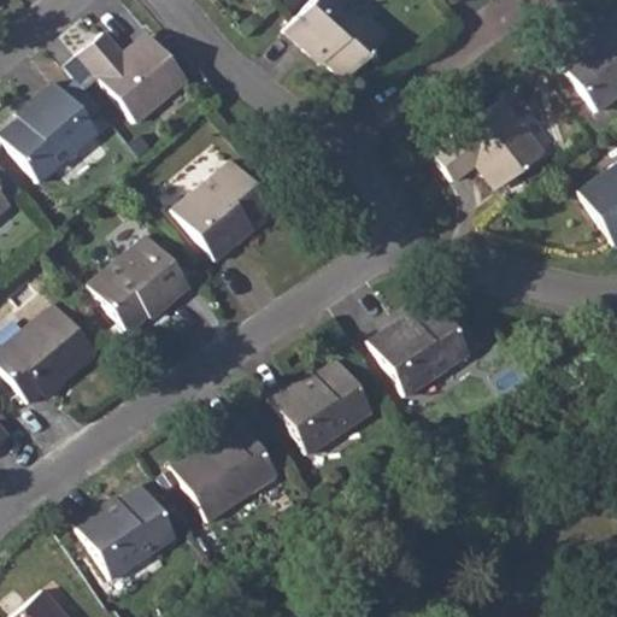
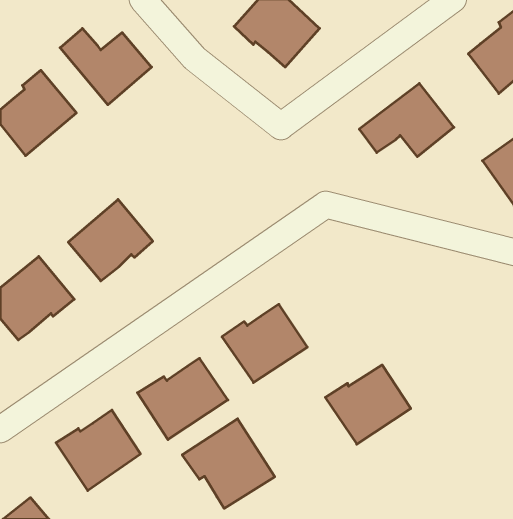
building: [174,159,272,262] -> none
building: [369,302,470,396] -> [325,365,411,444]
building: none -> [182,419,275,508]

